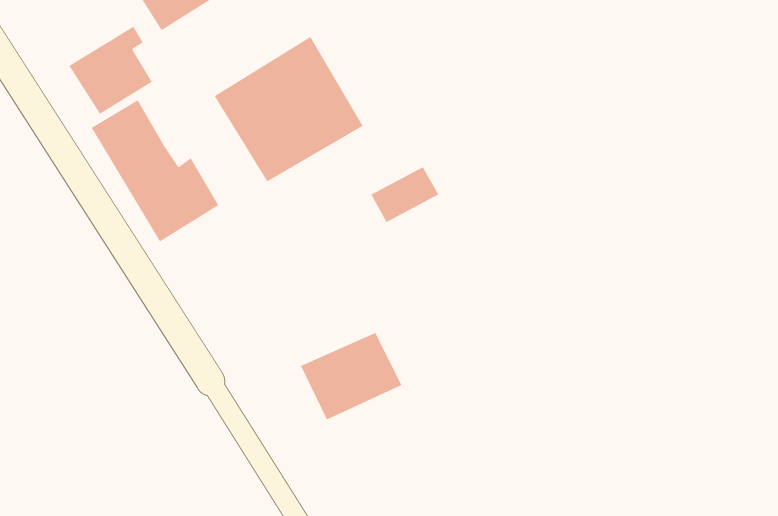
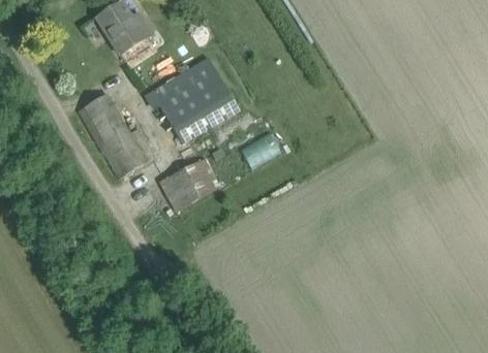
building: [69,26,153,115] -> none
building: [300,332,402,420] -> [160,158,220,210]

